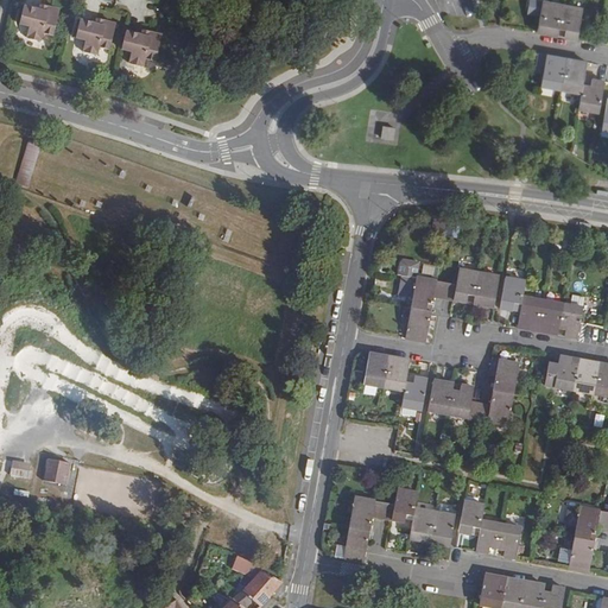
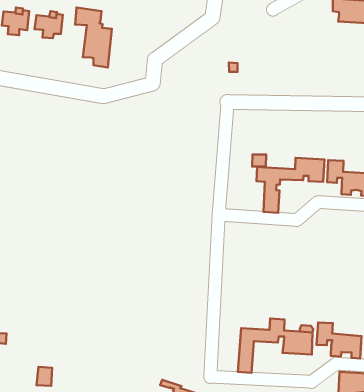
building: none -> [75,8,112,67]
building: [366,353,429,408] -> none
building: [429,359,520,424] -> none
building: [43,461,68,489] -> [36,367,52,386]

